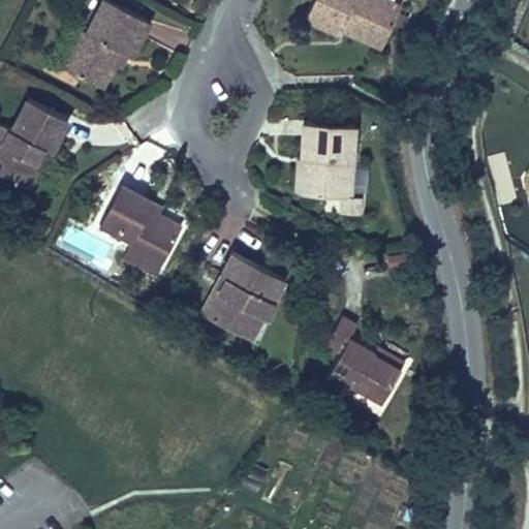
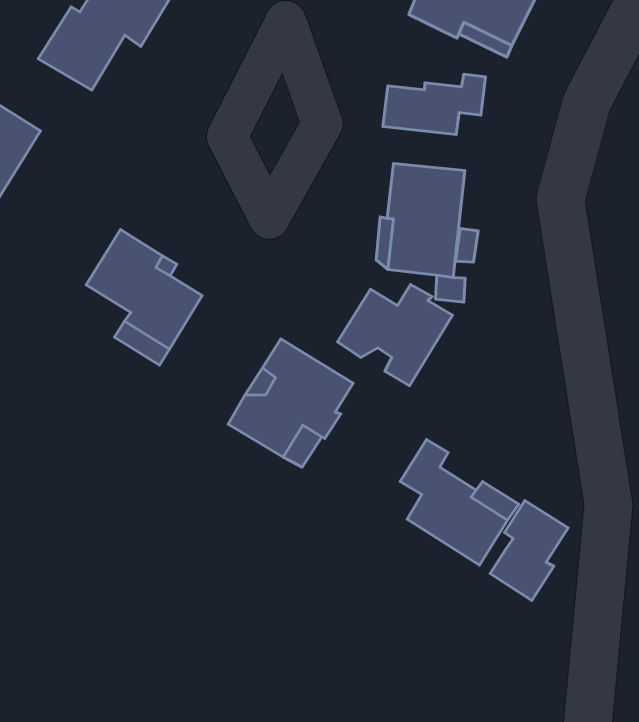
building: none -> [383,74,485,135]
building: none -> [338,284,452,386]
building: none -> [490,500,568,600]

